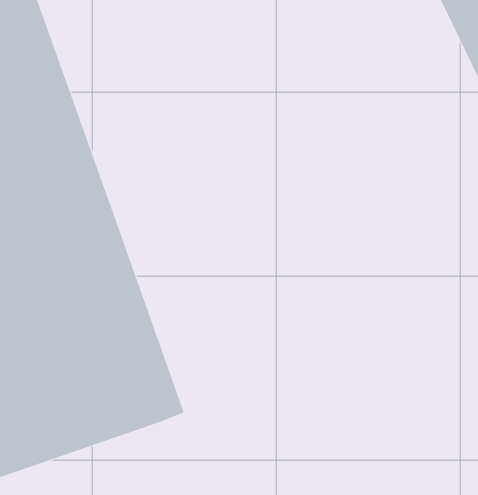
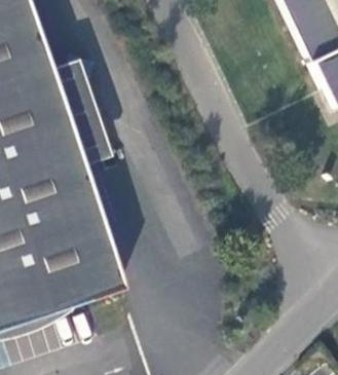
building: none -> [43,57,109,165]

